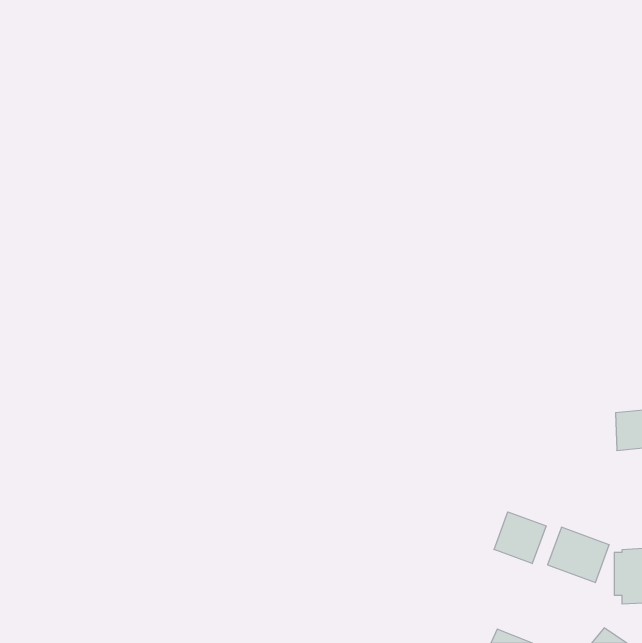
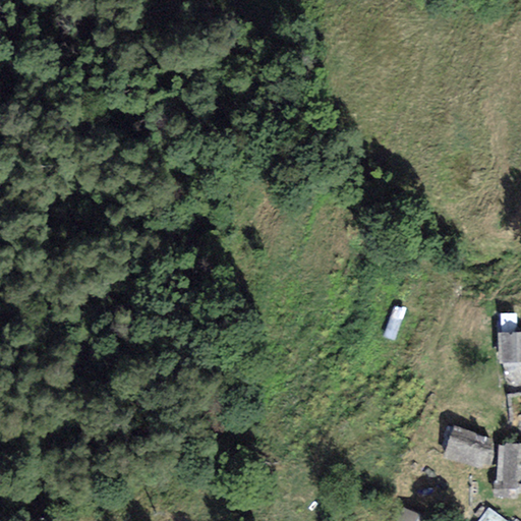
building: [494,512,546,564] -> none

